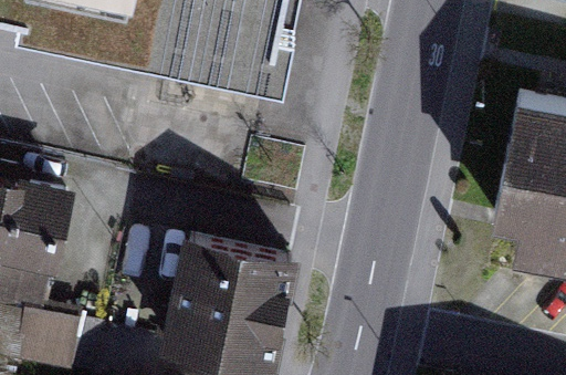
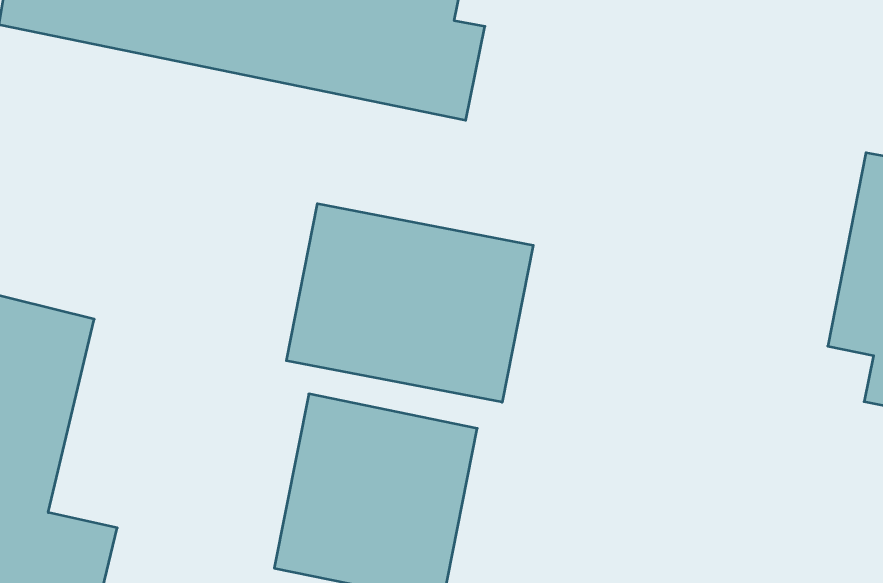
building: none -> [286,204,533,402]

